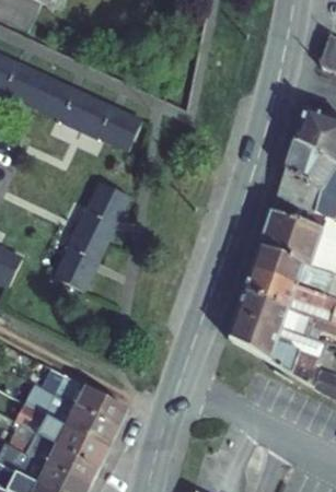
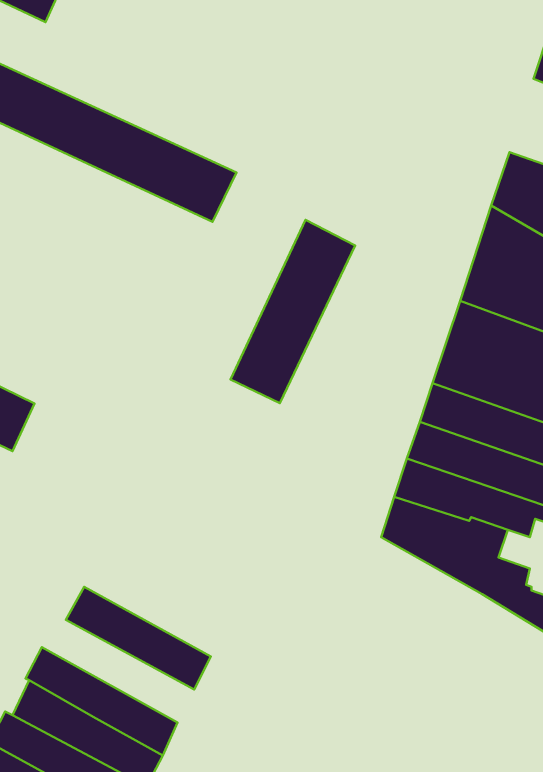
building: [56,181,130,291] -> [230,220,355,403]
building: [25,384,118,448] -> none

